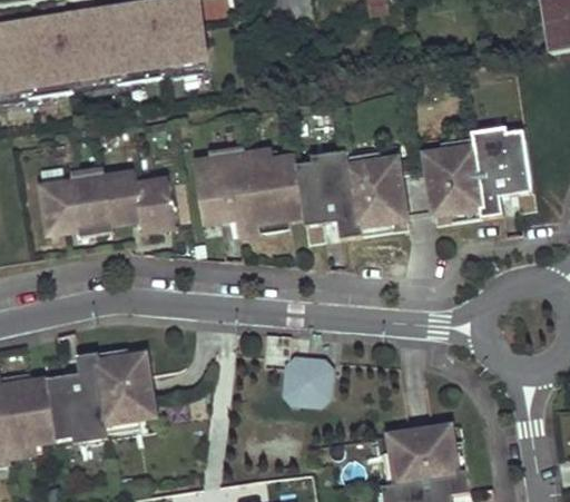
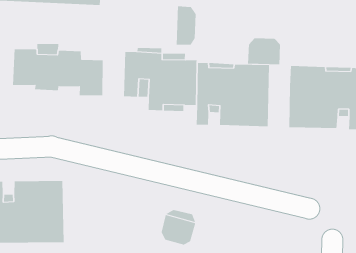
building: none -> [176,5,196,46]
building: none -> [247,37,280,65]

